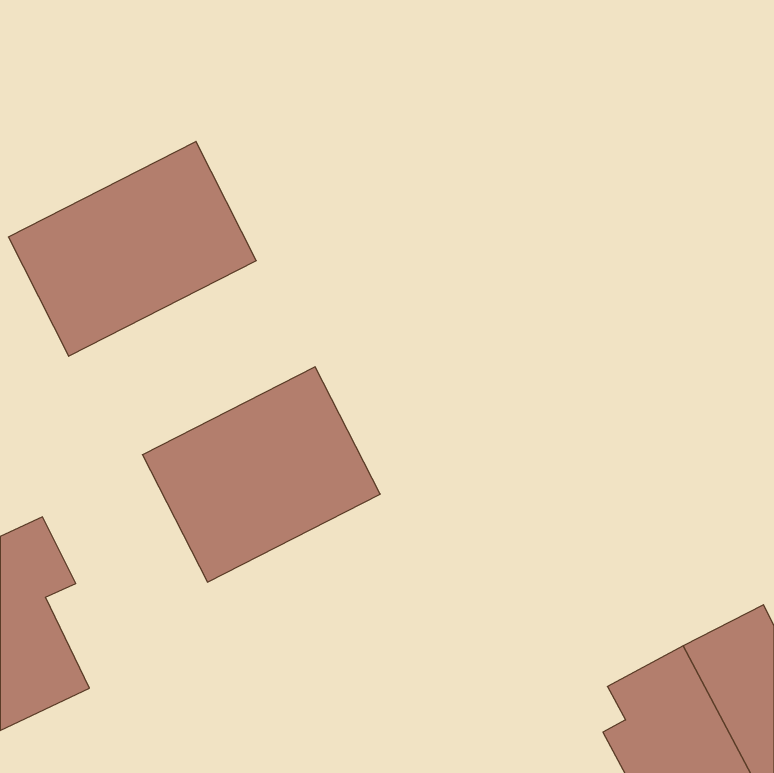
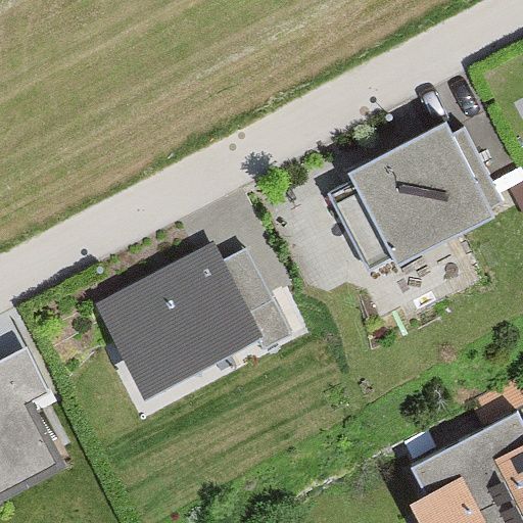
building: [8,141,256,356] -> none
building: none -> [349,126,492,266]

